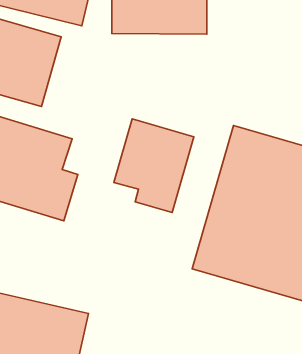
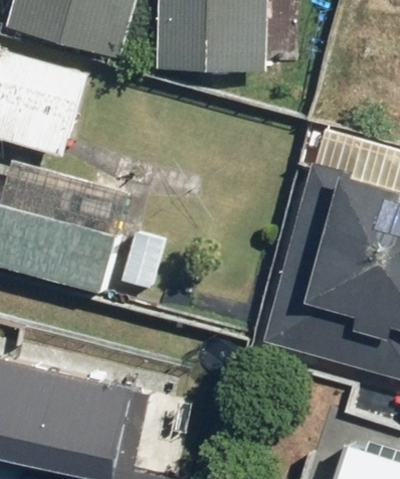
building: [114,119,194,212] -> none

